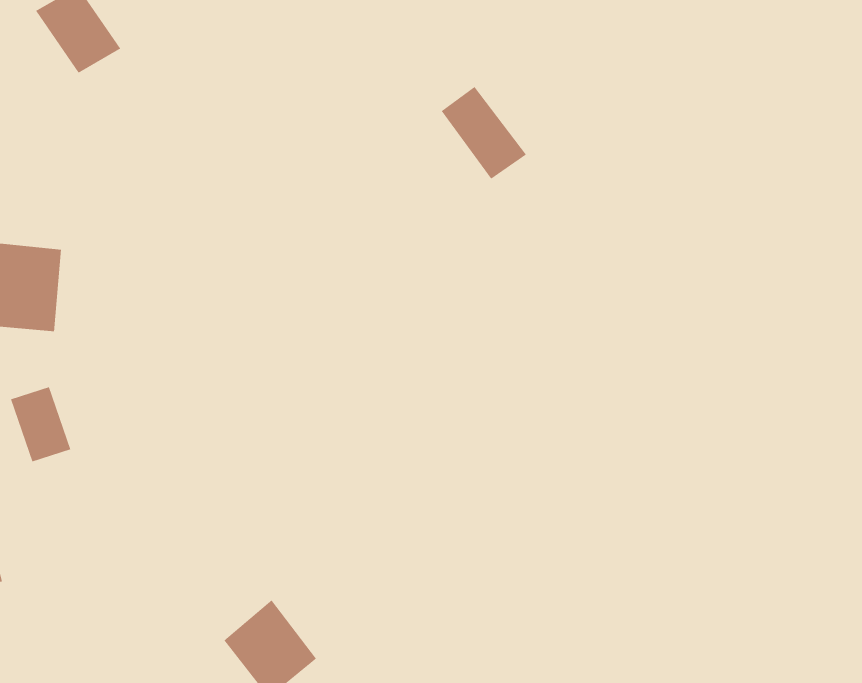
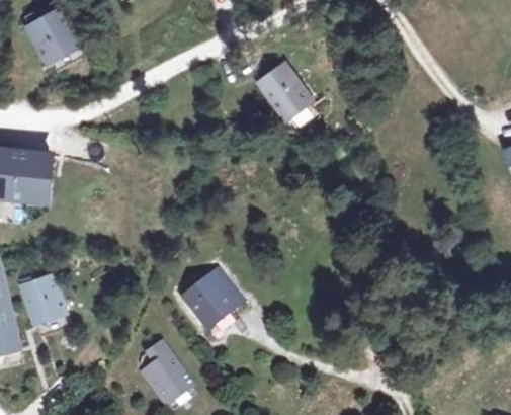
building: [10,387,71,462] -> [34,282,69,325]
building: none -> [178,269,242,330]

